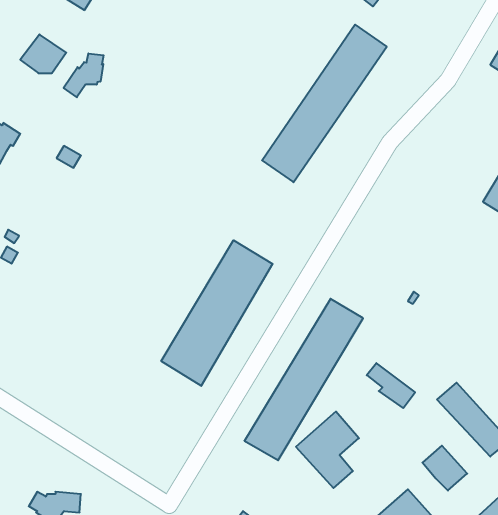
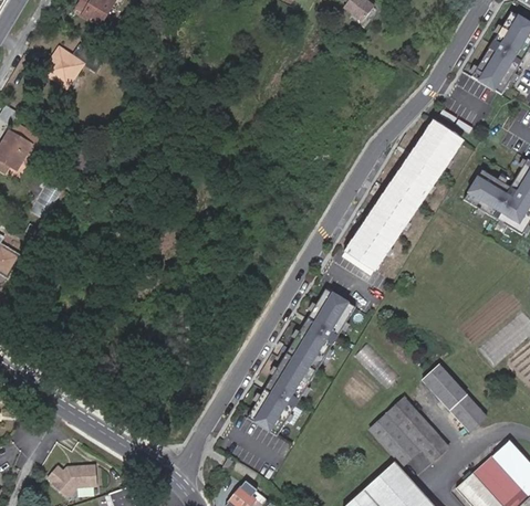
building: [262,25,387,182] -> [347,130,461,274]
building: [64,53,104,97] -> none
building: [161,240,273,386] -> none
building: [296,412,359,488] -> [367,397,425,466]

